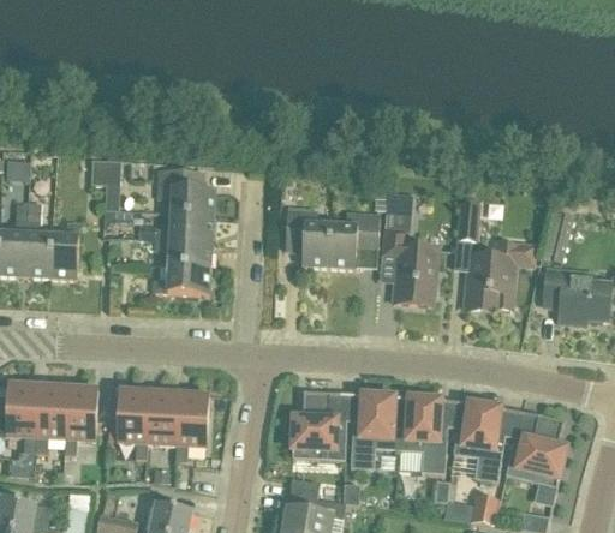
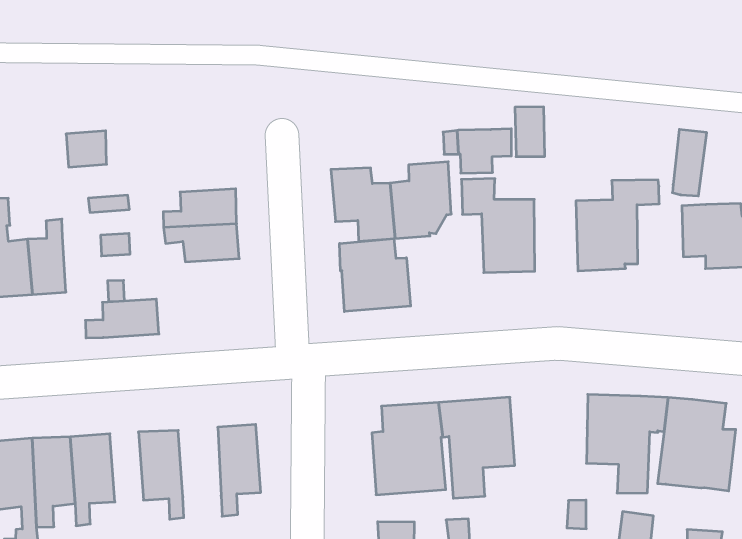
building: [159,168,215,215] -> none
building: [455,202,480,241] -> [515,107,545,157]
building: [154,265,210,294] -> [85,299,159,338]
building: none -> [340,239,411,312]
building: [147,391,179,444] -> none
building: [398,396,460,472] -> none

